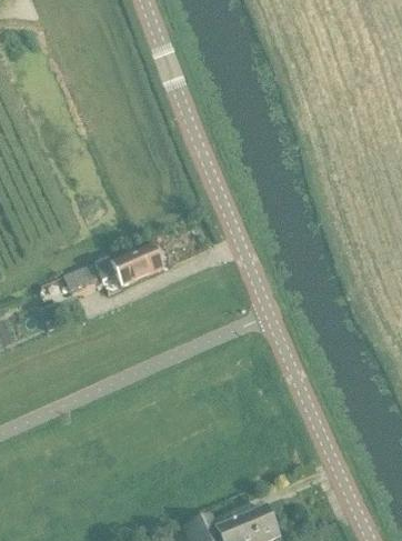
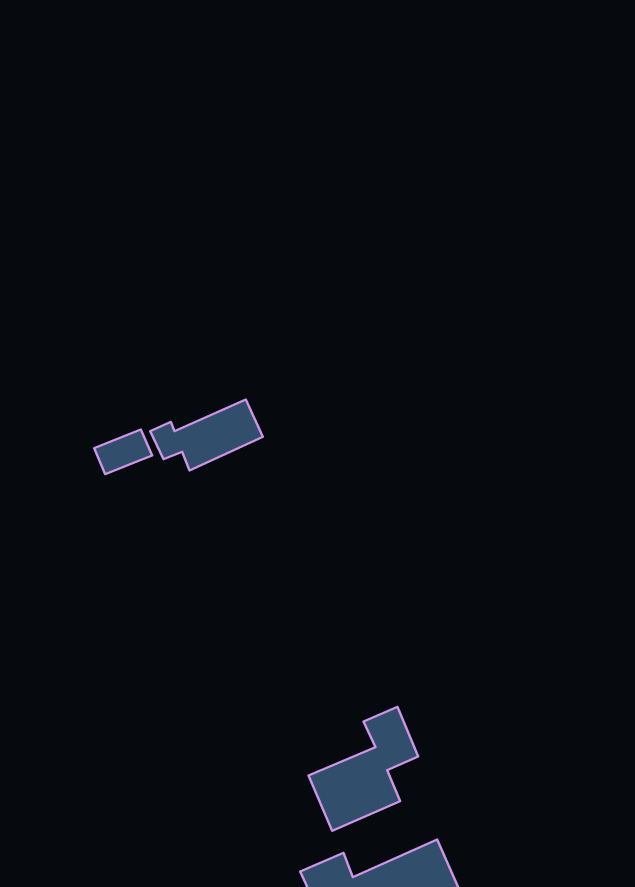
building: none -> [309,707,418,831]

